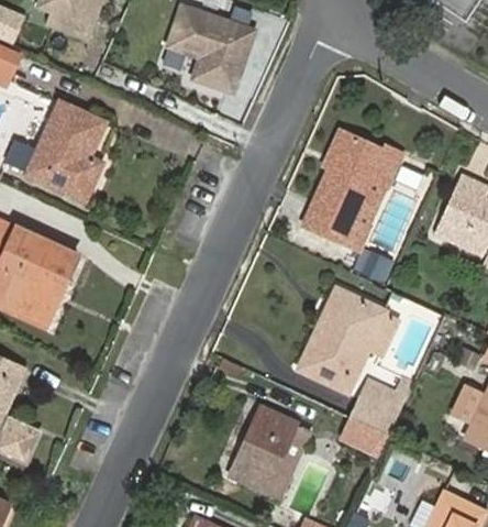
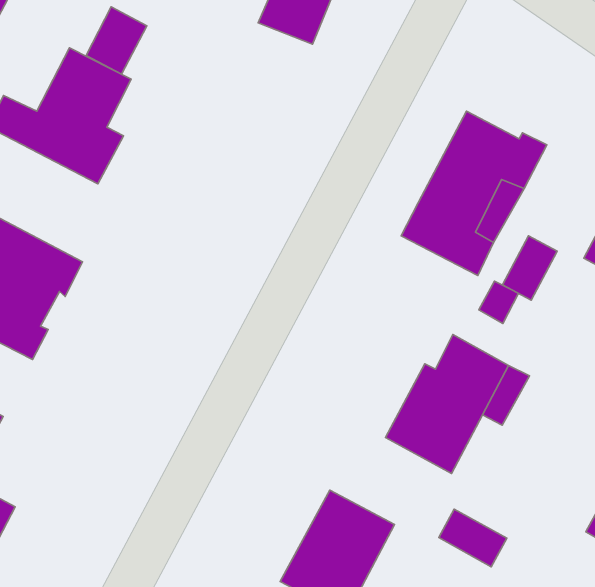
building: none -> [86,7,147,74]
building: none -> [503,236,557,300]
building: [351,375,413,435] -> none

